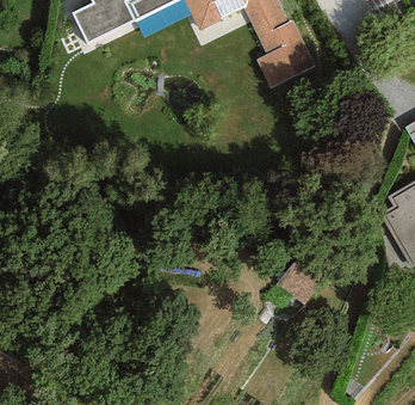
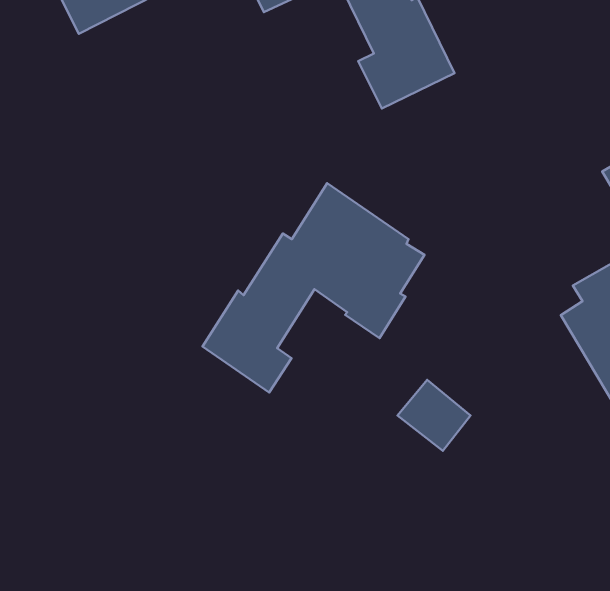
building: none -> [203,183,424,393]

